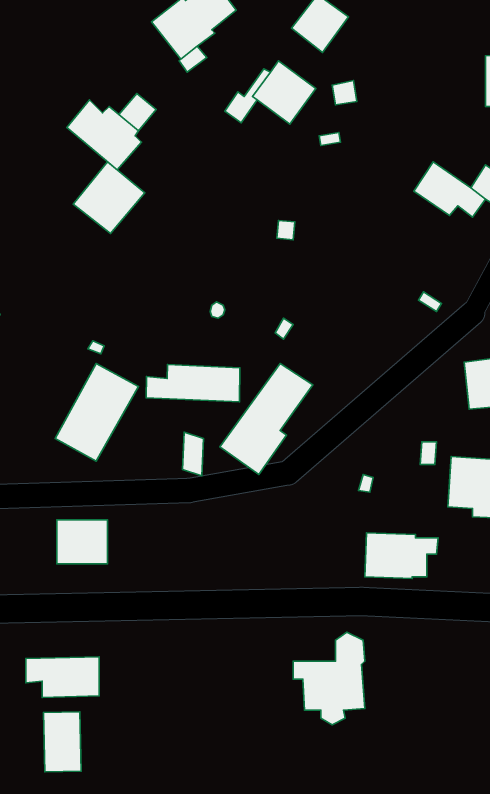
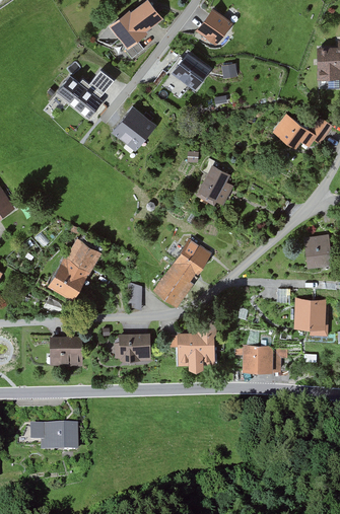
building: [73,162,145,233] -> [111,106,155,151]
building: none -> [195,157,233,206]
building: [146,364,240,402] -> none
building: none -> [114,334,150,361]
building: [293,632,365,725] -> [171,316,215,374]
building: [43,712,81,772] -> none

